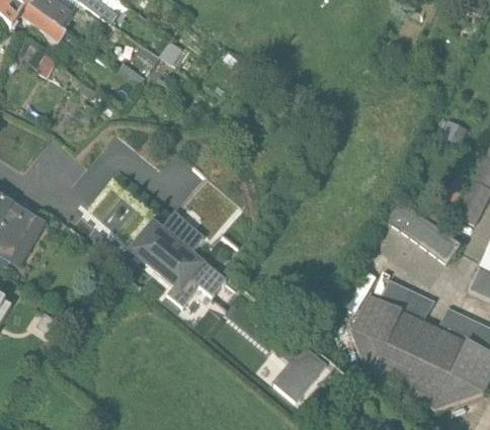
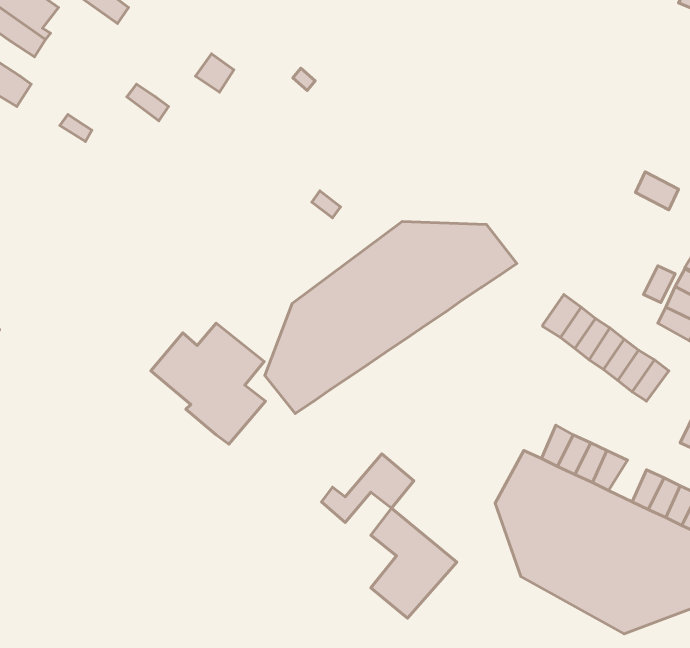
building: none -> [265,222,517,413]
building: [166,262,225,306] -> [321,454,414,522]

